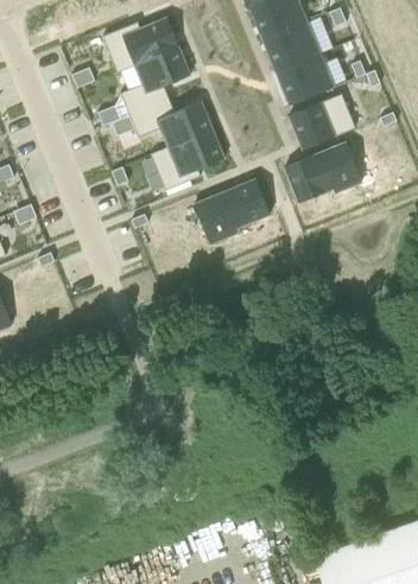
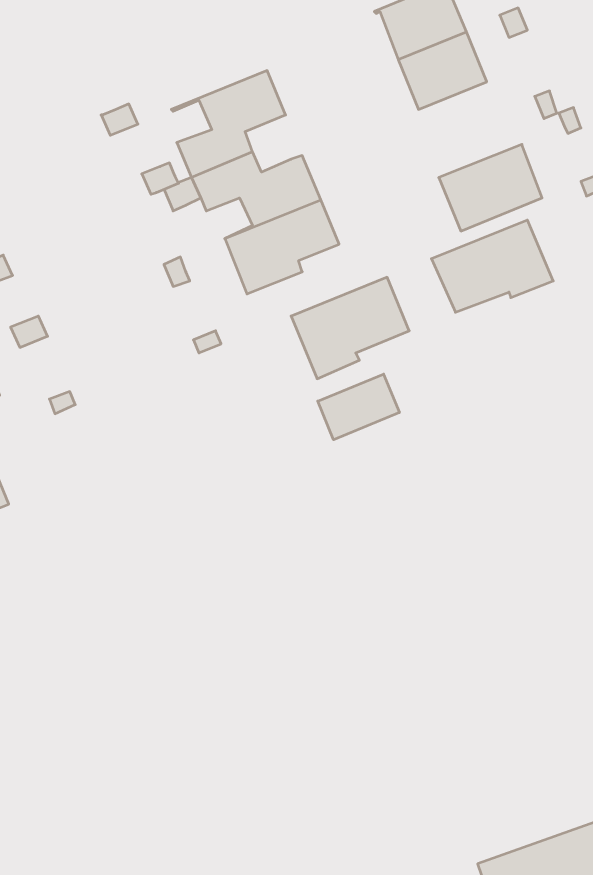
building: [102,18,178,71] -> none
building: [276,53,334,104] -> none
building: none -> [318,374,399,440]

